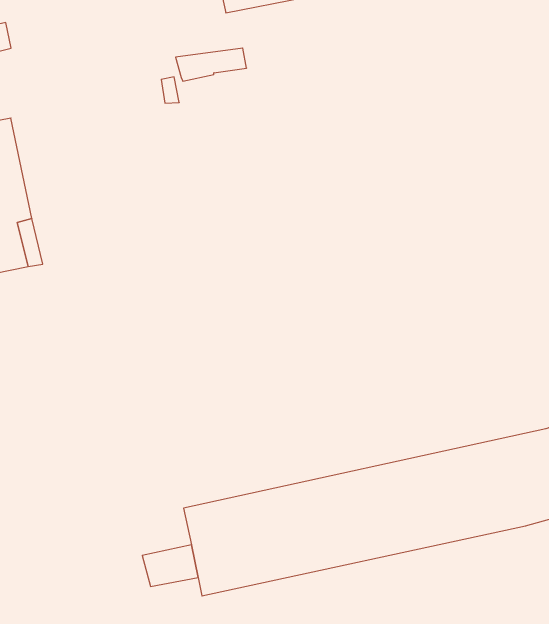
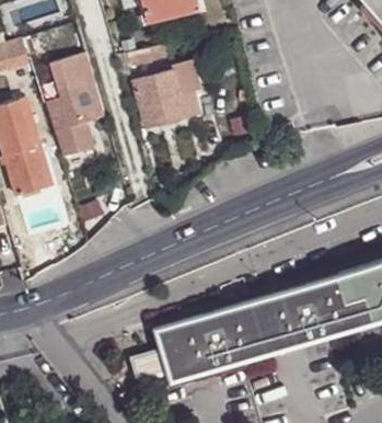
building: none -> [45,55,104,159]
building: none -> [131,65,199,129]

